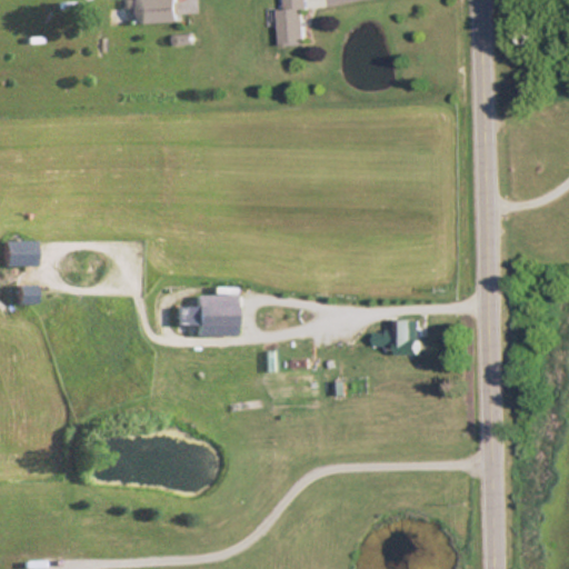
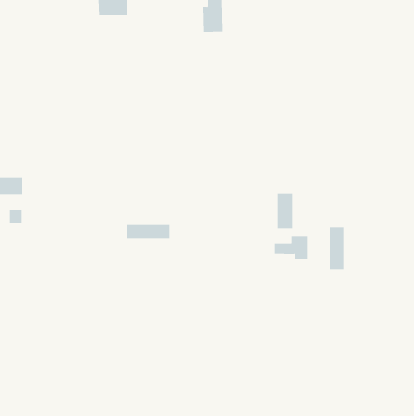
building: none -> [277,193,293,229]
building: none -> [329,227,344,270]

